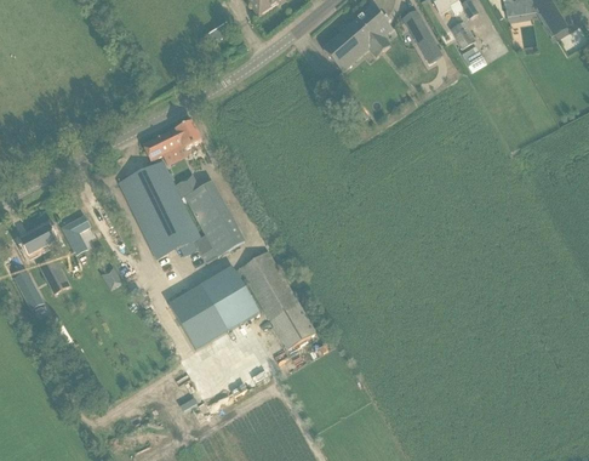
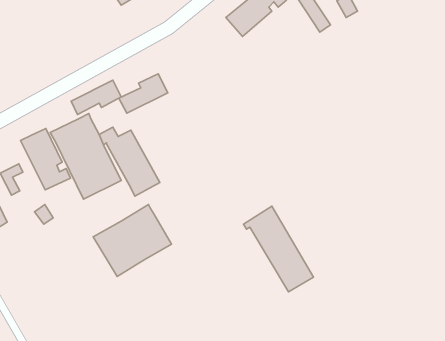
building: none -> [119,74,168,113]
building: none -> [20,129,71,190]
building: [235,250,316,349] -> [243,206,314,292]

